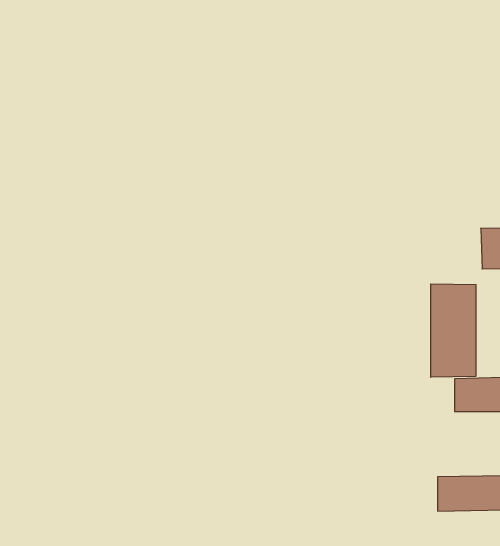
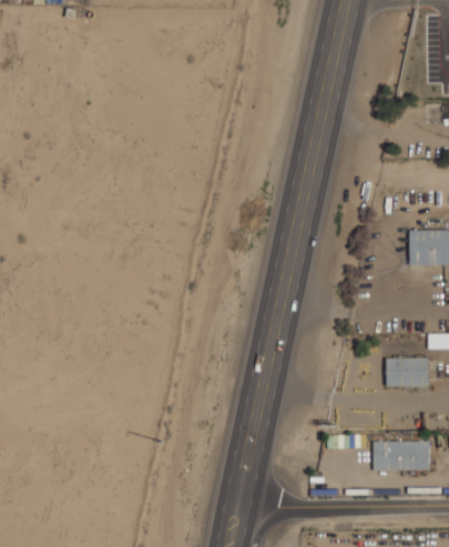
building: [431,284,476,377] -> none

